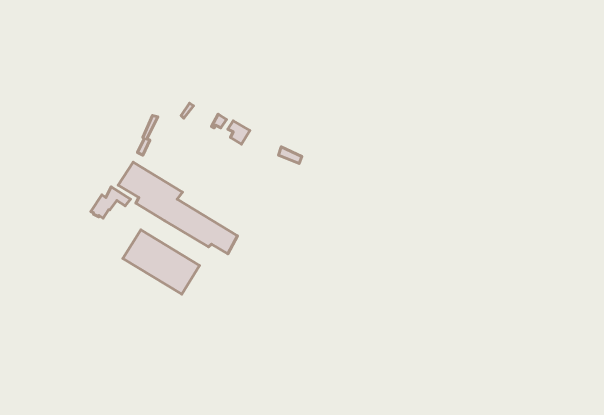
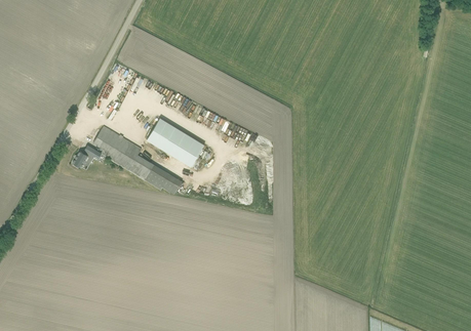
building: [123,230,200,294] -> [147,118,204,166]

